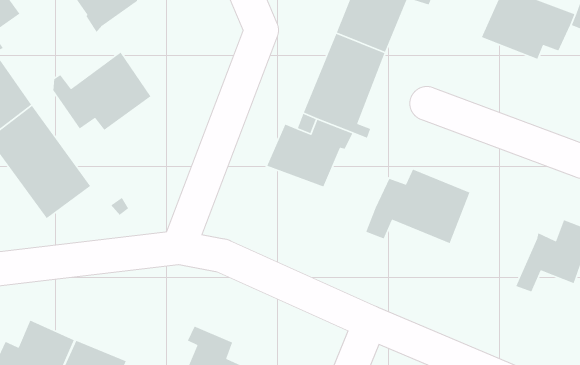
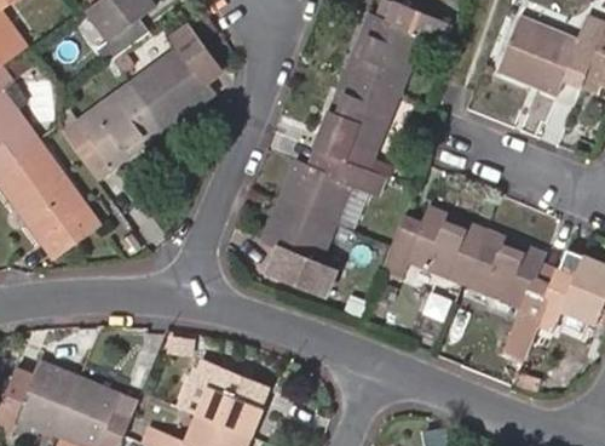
building: none -> [129,46,214,131]
building: none -> [264,202,342,291]
building: none -> [467,229,555,358]

